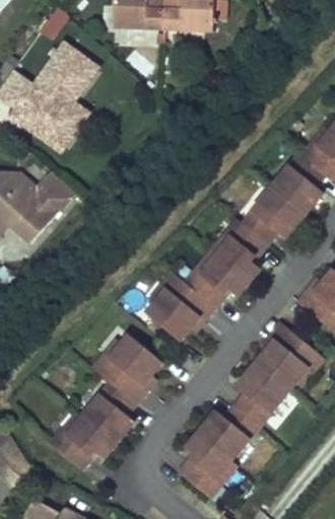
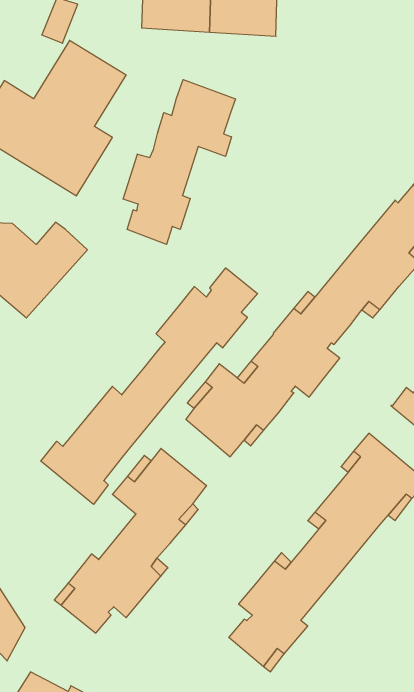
building: none -> [123,80,236,244]
building: none -> [41,268,258,504]

